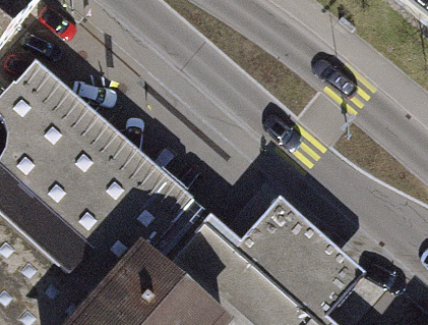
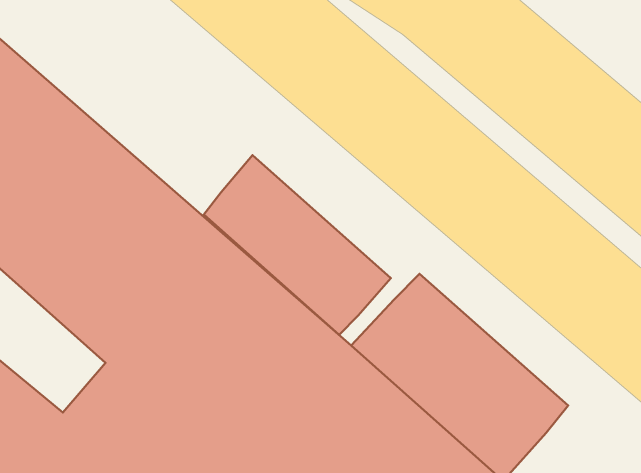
building: none -> [204,155,391,335]

